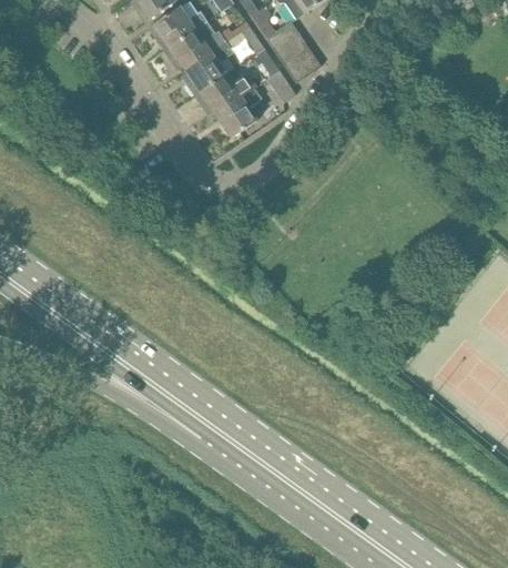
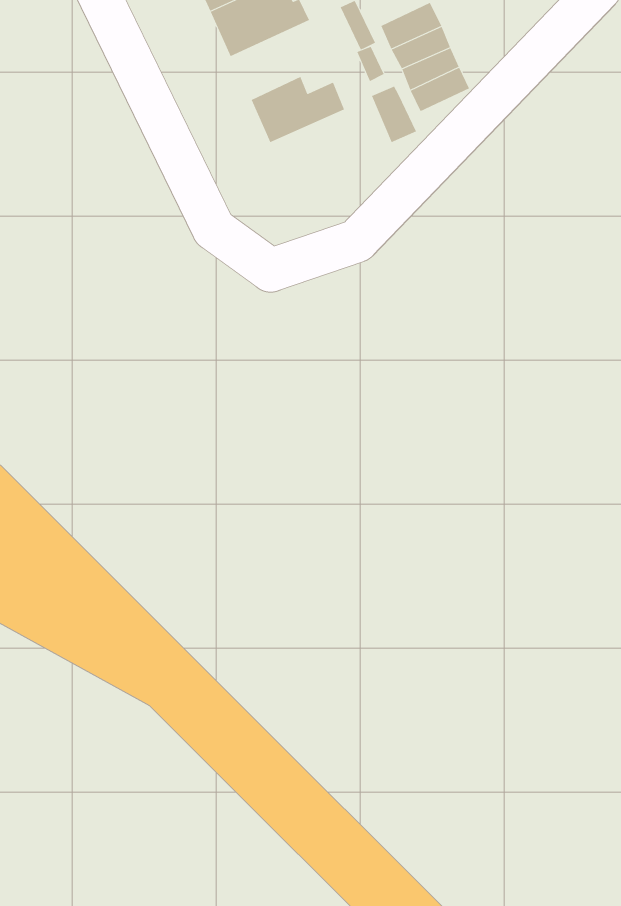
building: [183,40,232,90] -> none
building: [213,87,260,135] -> none

